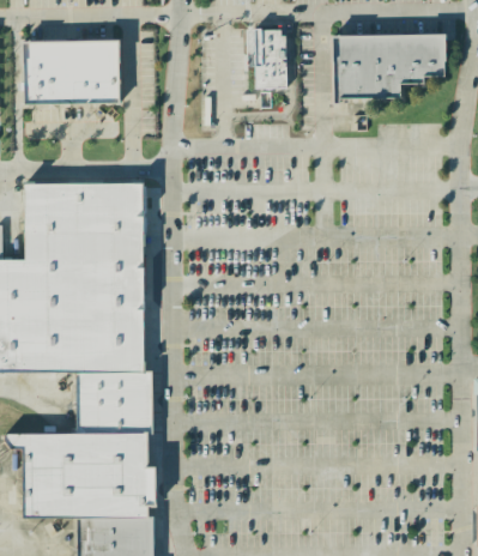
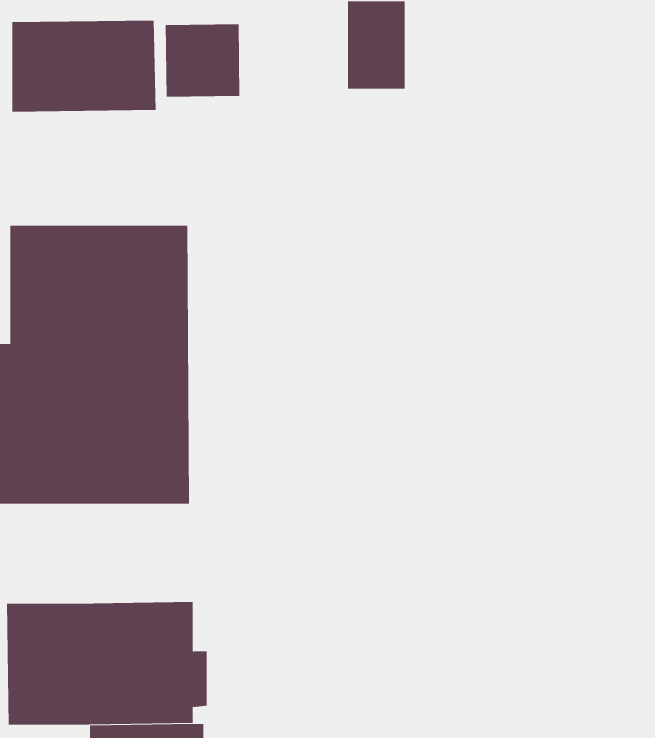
building: [337,34,446,98] -> none
building: none -> [165,24,240,97]
building: [79,368,156,435] -> none

